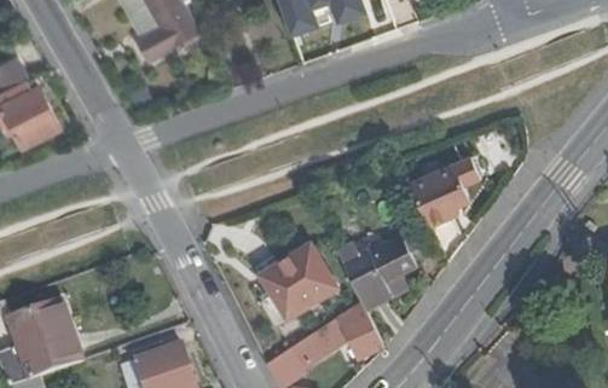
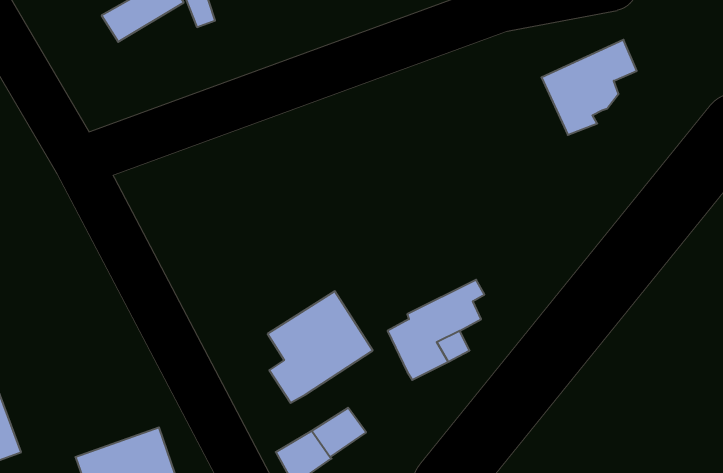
building: [410,158,480,228] -> [541,40,637,135]
building: [337,303,382,359] -> none

